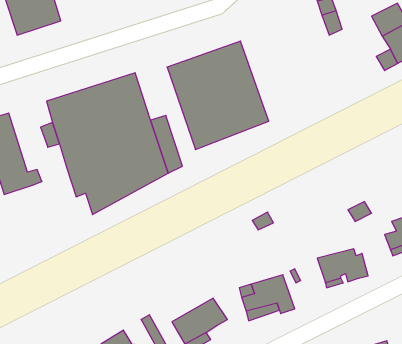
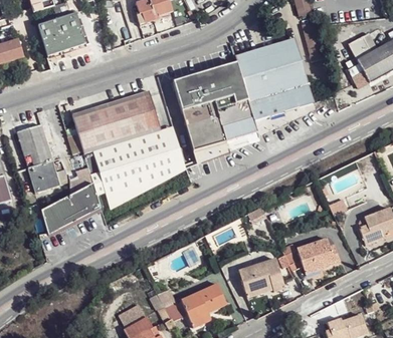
building: none -> [235,35,317,118]
building: none -> [43,168,102,239]

